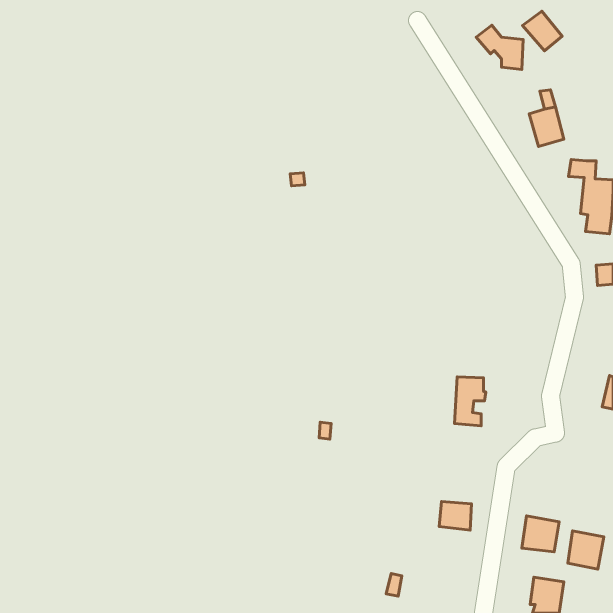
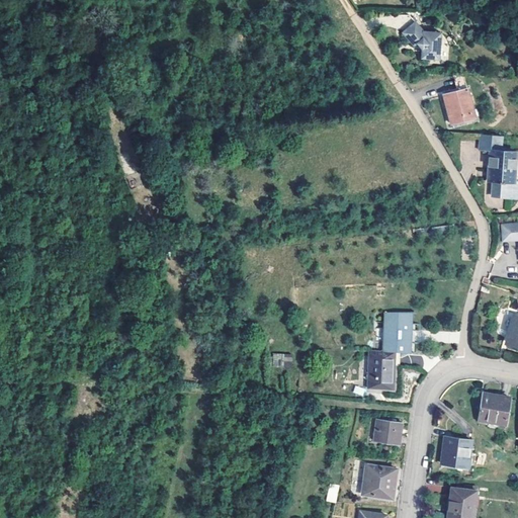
building: [523,11,562,51] -> none
building: none -> [363,356,393,395]
building: [568,531,604,569] -> [480,392,510,424]
building: none -> [360,468,393,500]

